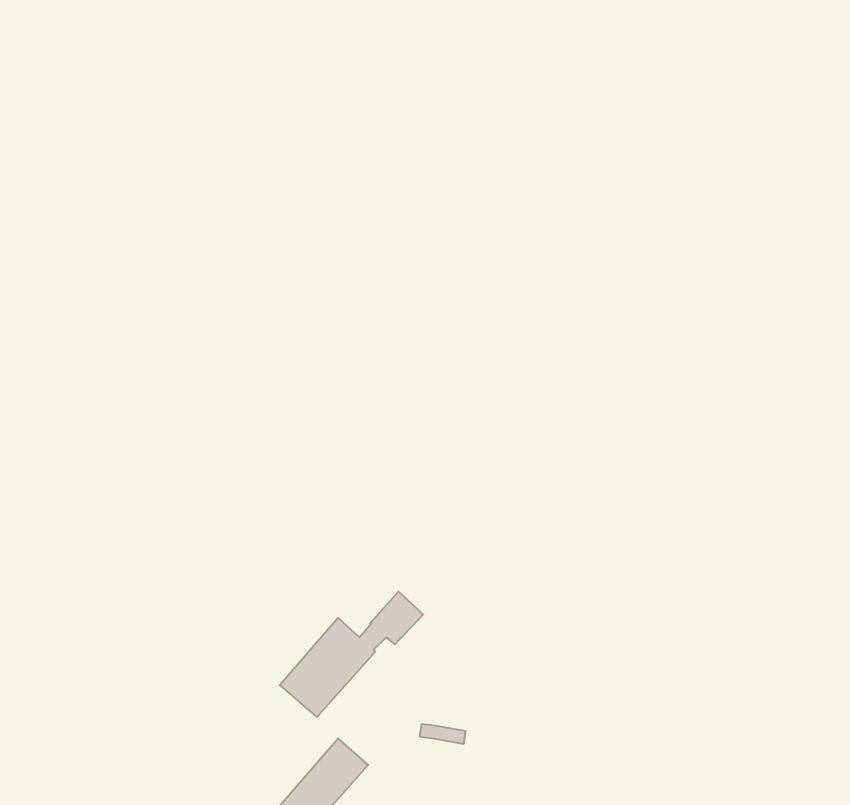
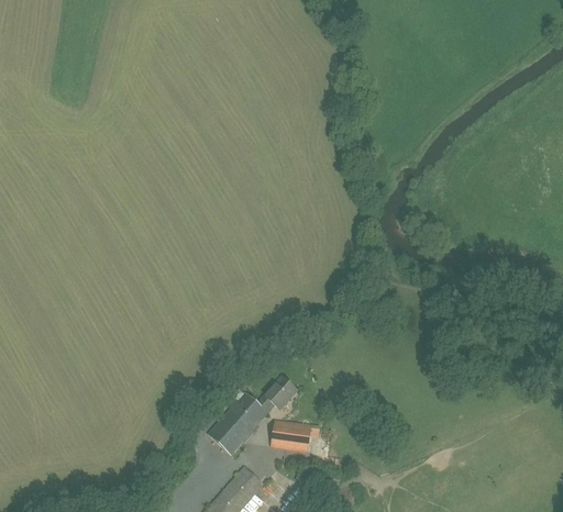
building: none -> [271,421,319,450]

